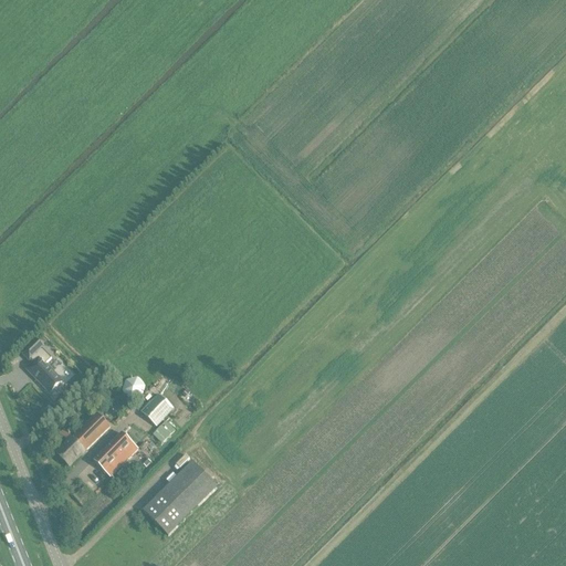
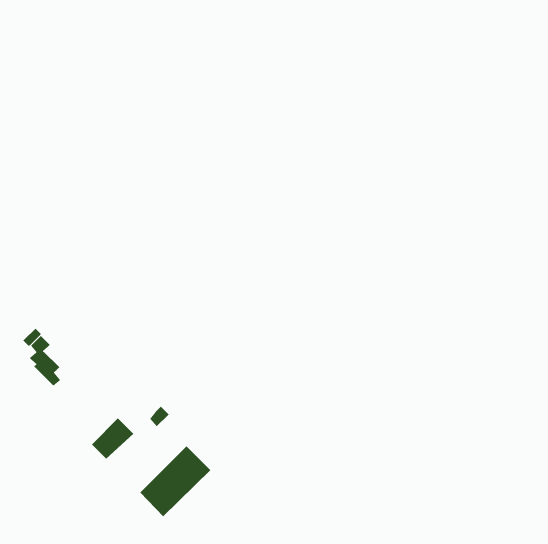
building: [142,392,174,424] -> none
building: [56,412,109,464] -> none

